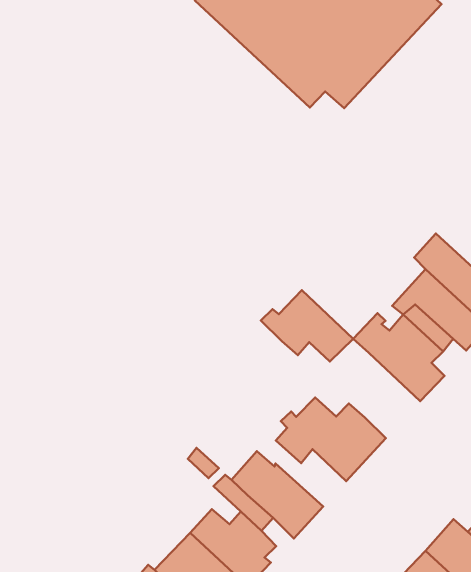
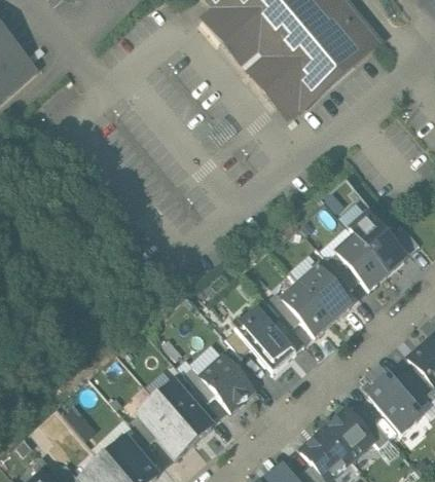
building: [261,290,353,361] -> [267,284,332,337]

